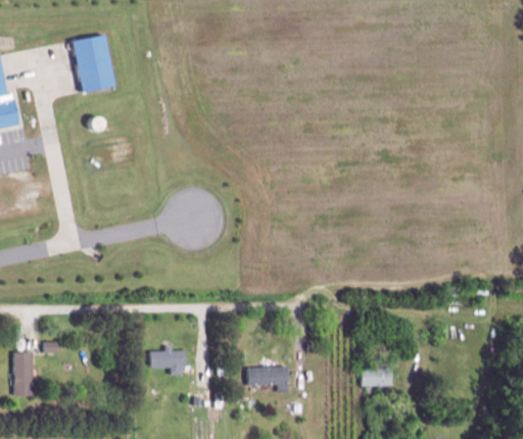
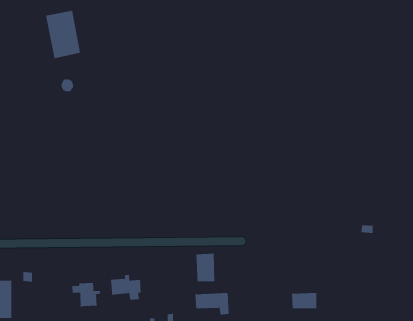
building: none -> [196,253,215,282]
building: none -> [72,282,100,307]

